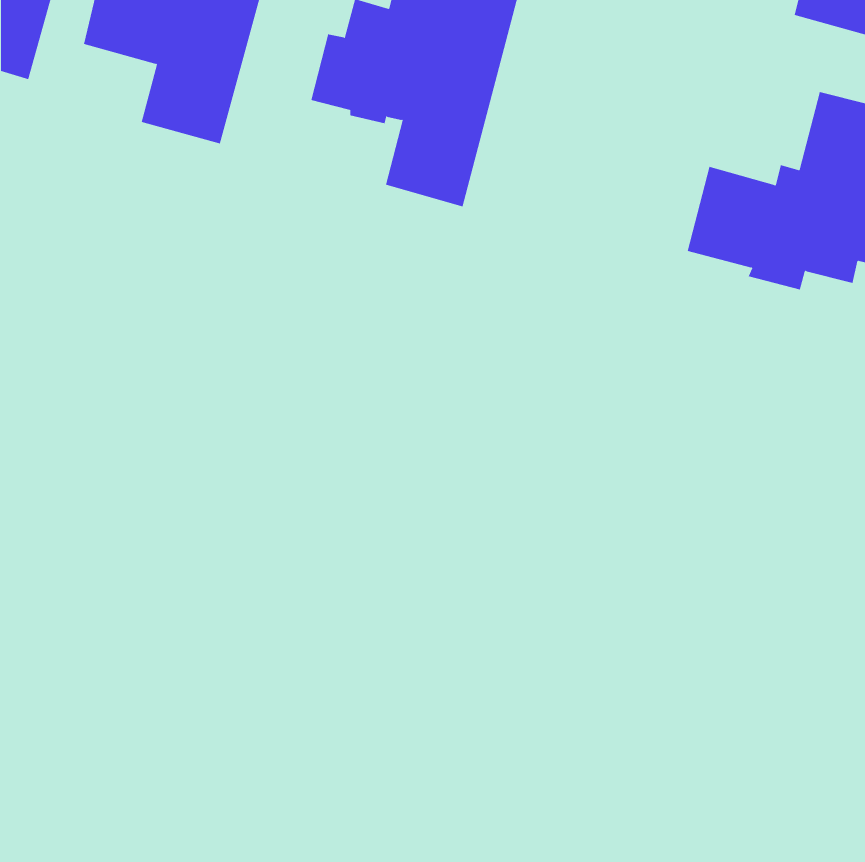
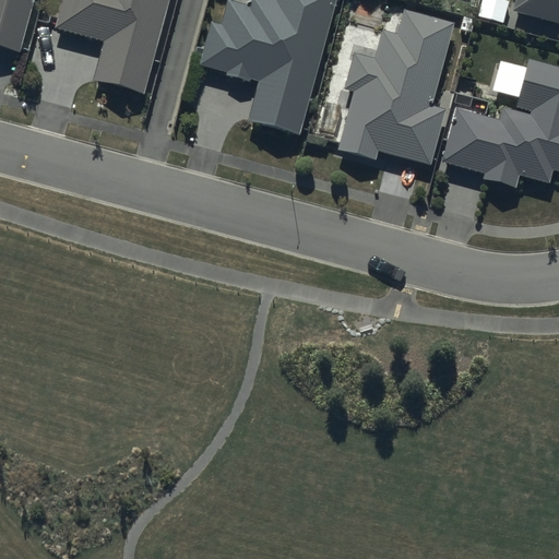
building: none -> [338,10,454,164]

